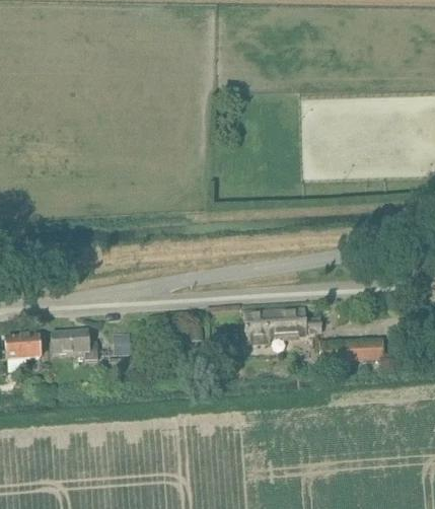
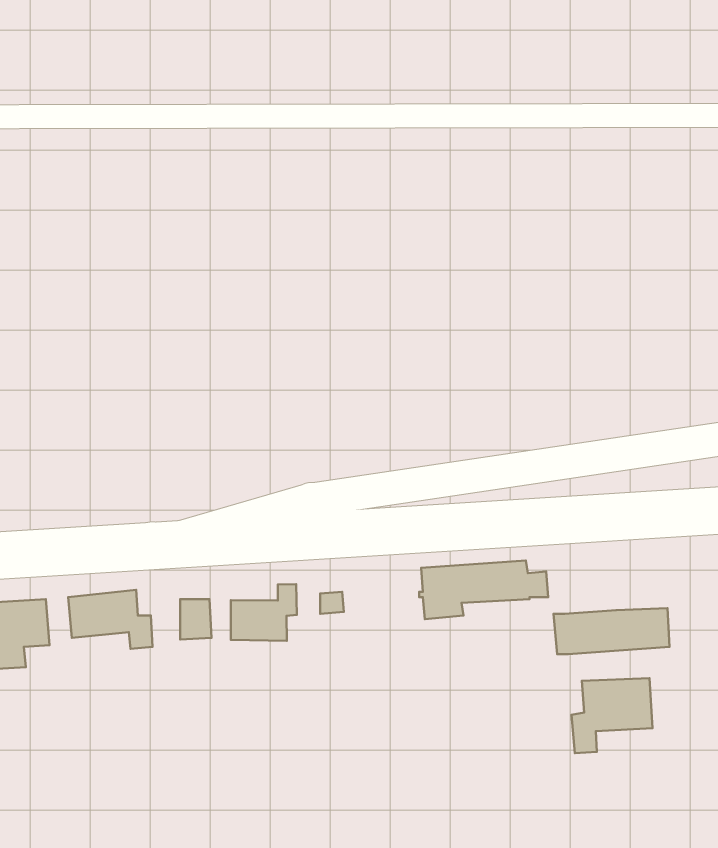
building: none -> [231,584,297,641]
building: none -> [572,678,652,753]

